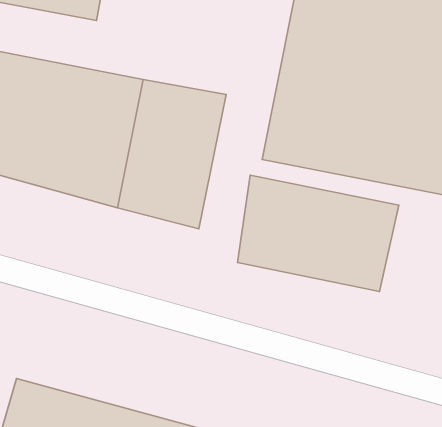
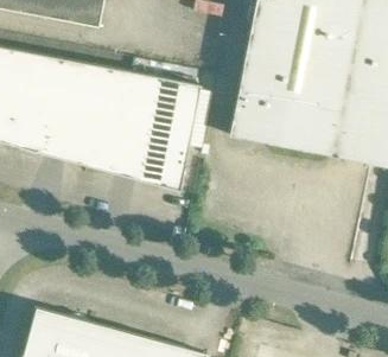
building: [238,175,399,291] -> none

